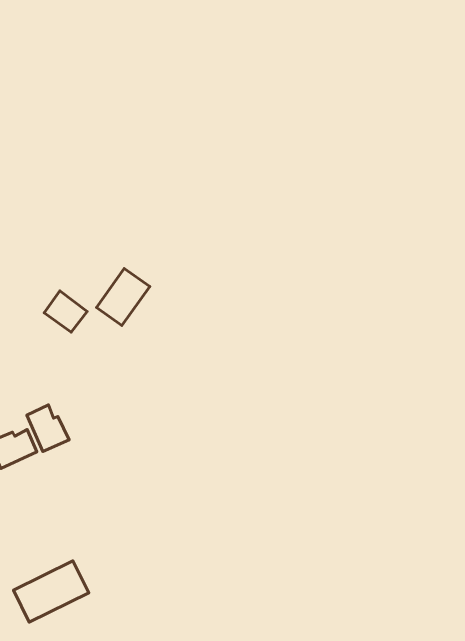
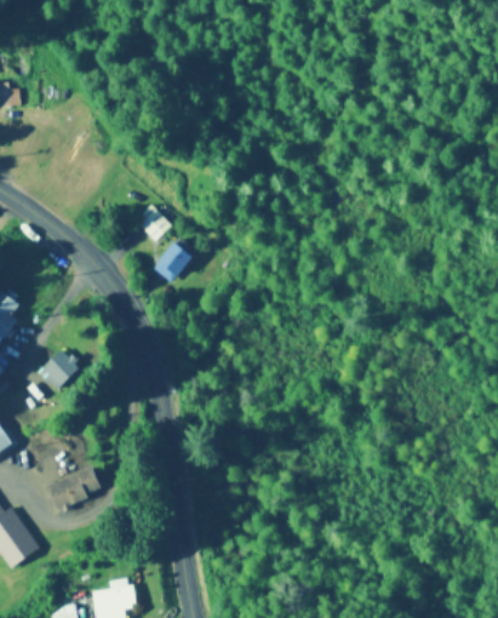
building: [44,291,87,332] -> [137,206,172,241]
building: [27,405,69,451] -> none

